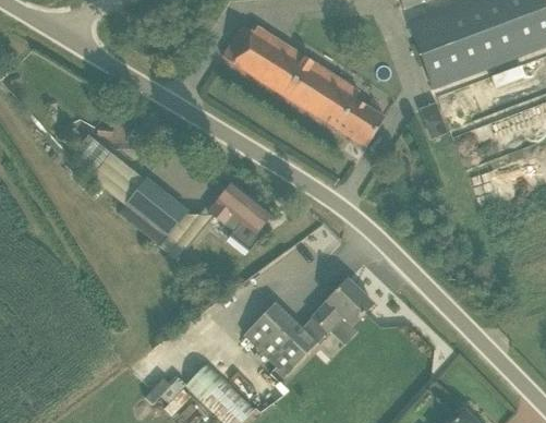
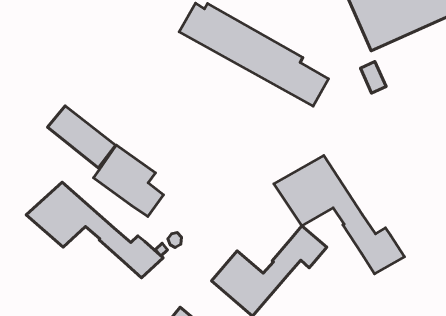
building: [208,182,271,250] -> none
building: none -> [274,156,404,274]
building: none -> [26,182,163,278]

